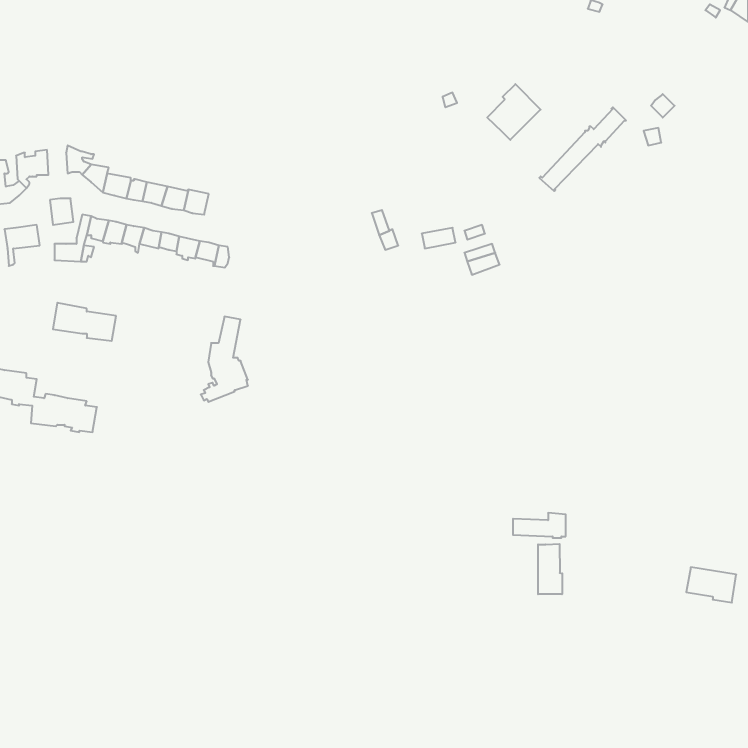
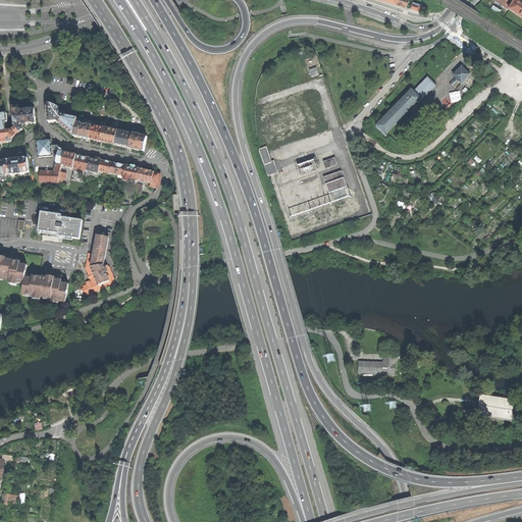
building: [487,84,541,140] -> none
building: [201,317,248,402] -> [80,233,112,293]
building: [538,544,562,594] -> none

